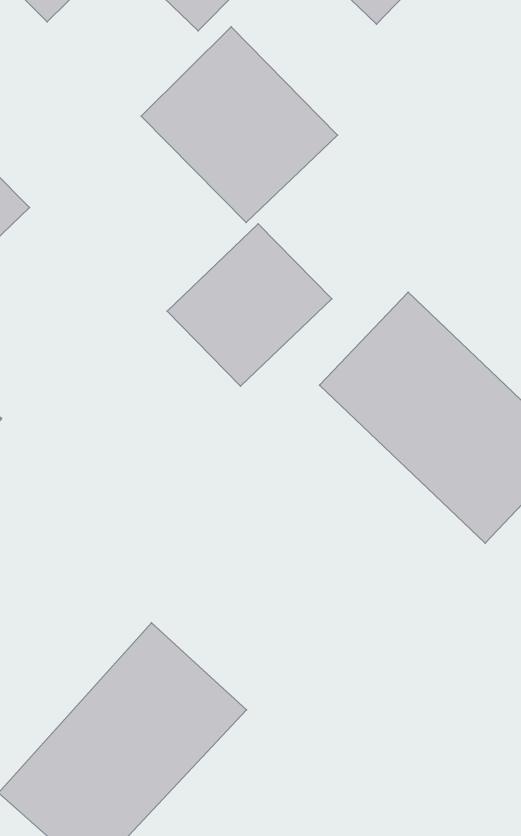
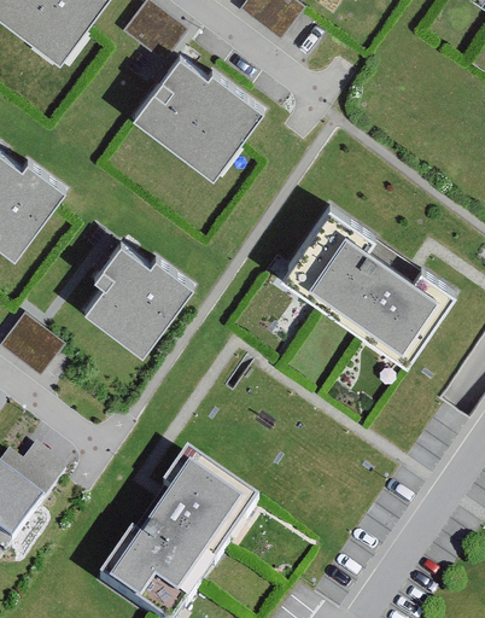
building: [167,224,332,386] -> [80,244,189,355]

